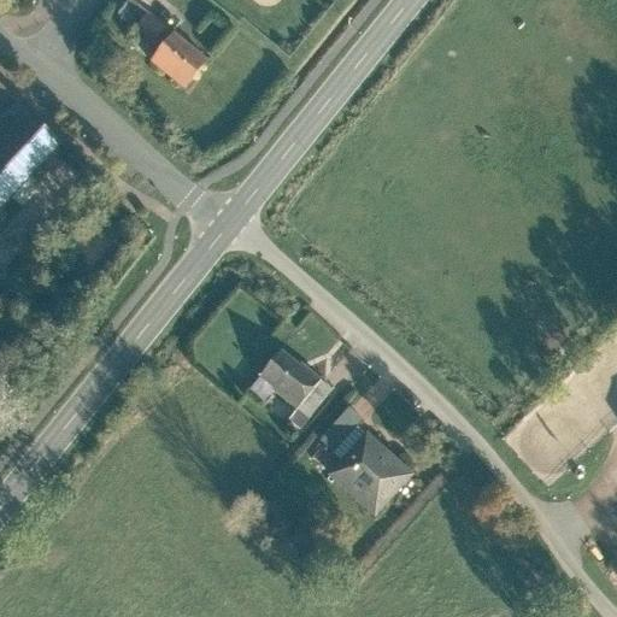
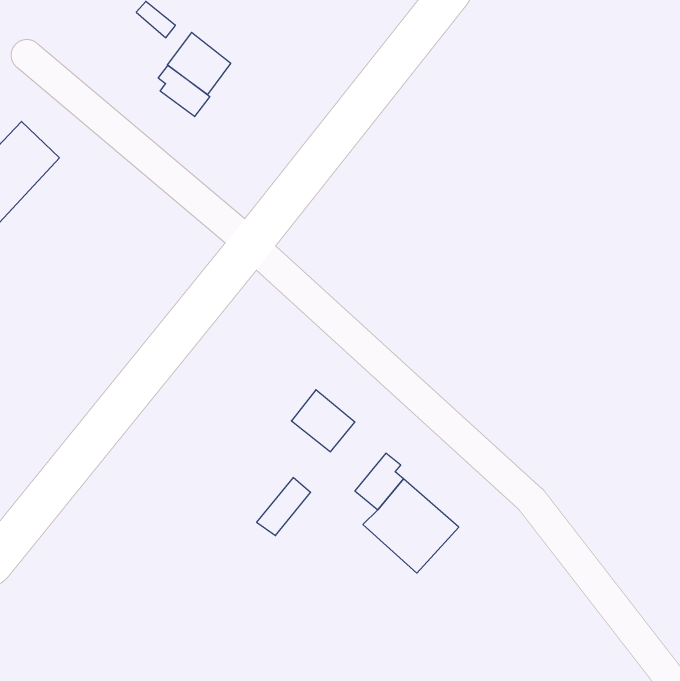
building: none -> [158,65,210,117]
building: [284,377,333,429] -> [257,478,311,536]

